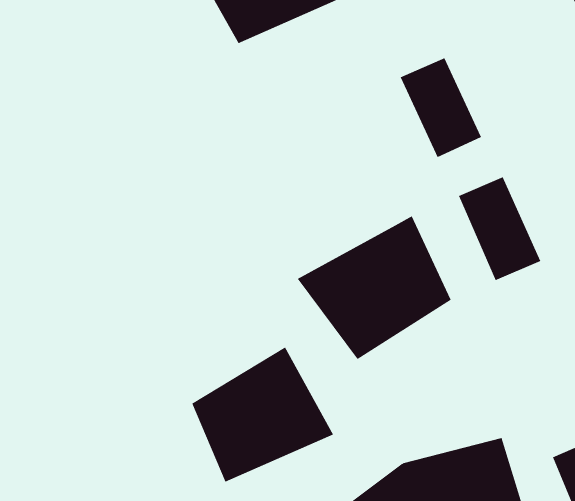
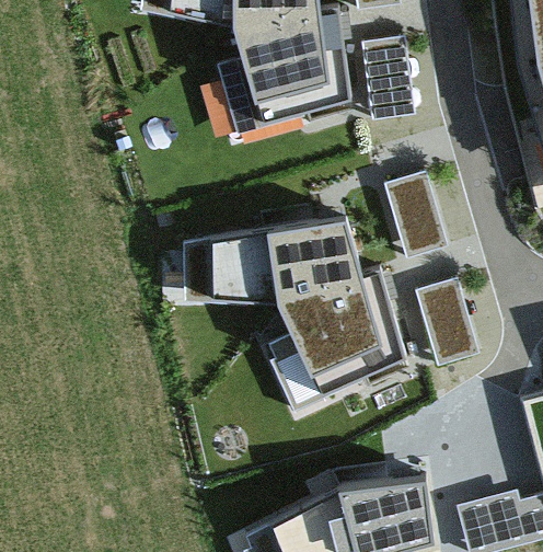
building: none -> [211,238,365,323]
building: [191,346,334,482] -> none

